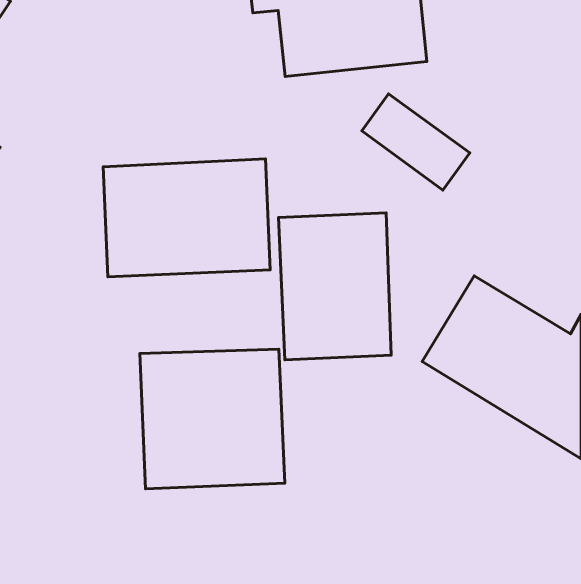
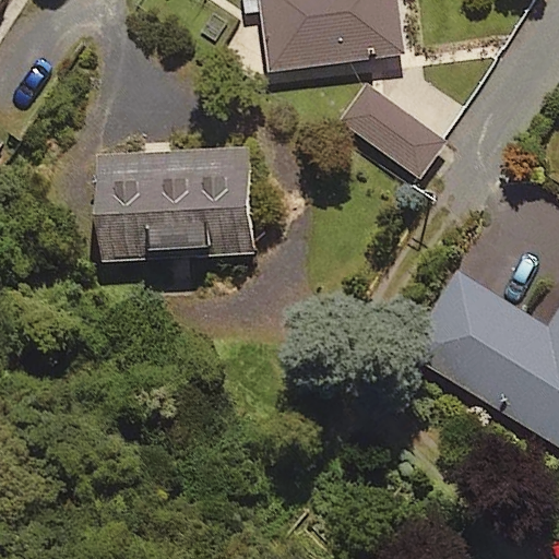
building: [279,213,391,360] -> none
building: [140,349,285,489] -> none

